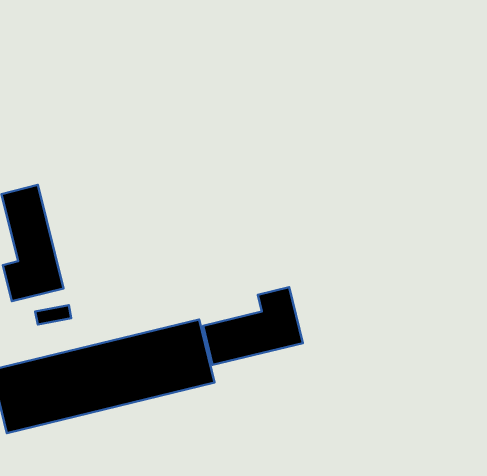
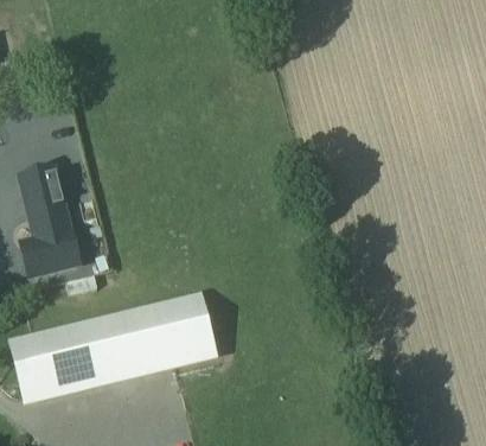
building: [203,287,303,365] -> none

